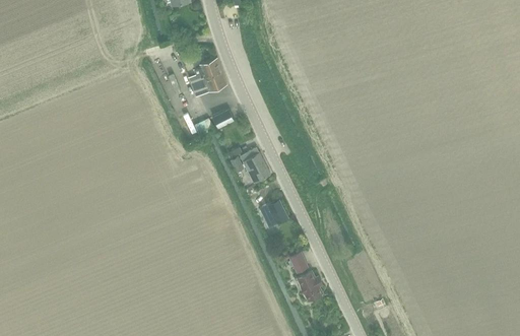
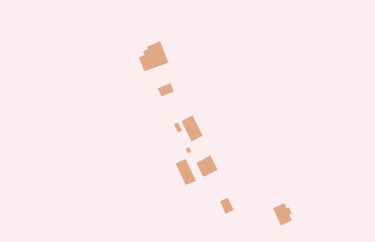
building: none -> [175,158,197,186]
building: [298,271,323,300] -> [272,203,293,226]

